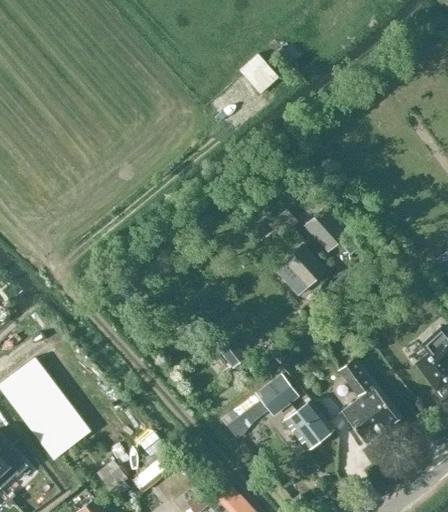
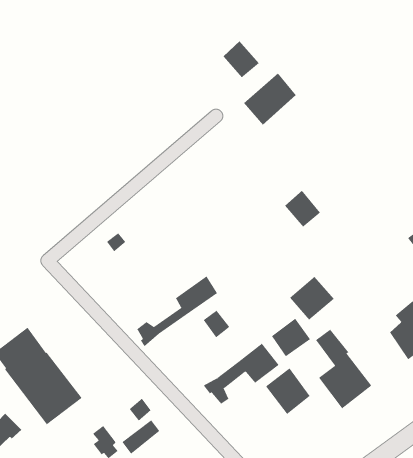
building: none -> [243,73,297,126]
building: [276,247,324,294] -> [289,276,334,320]
building: none -> [137,276,218,347]
building: none -> [271,318,311,357]

